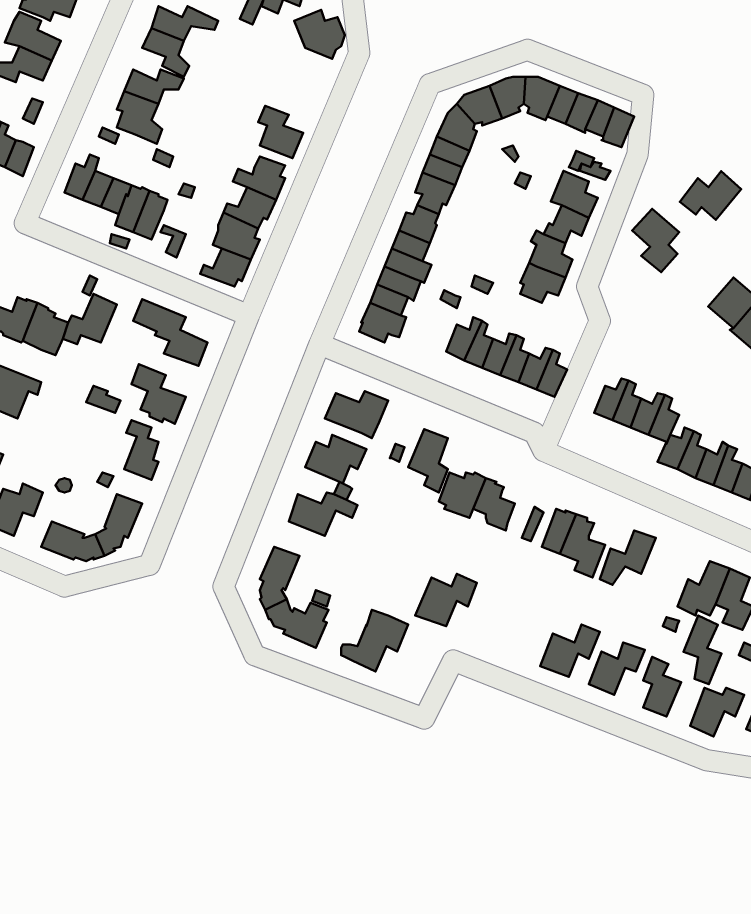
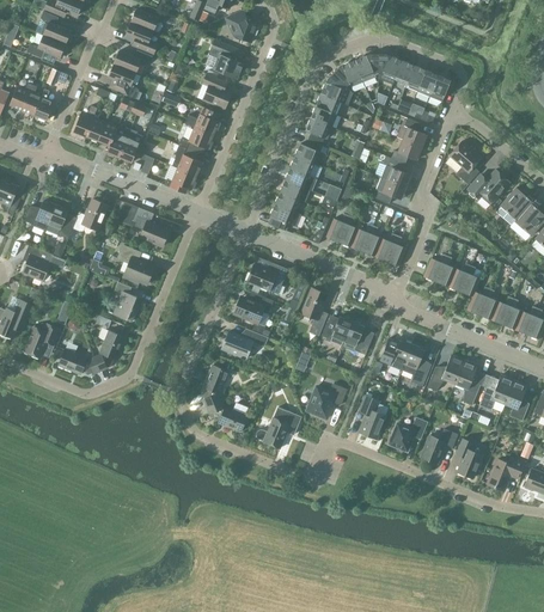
building: none -> [208,39,244,79]
building: [680,171,741,220] -> [469,170,509,202]
building: none -> [359,396,386,439]
building: [684,616,722,684] -> [456,360,481,405]

